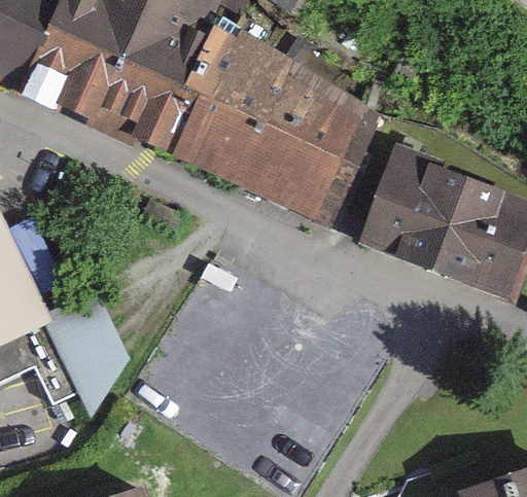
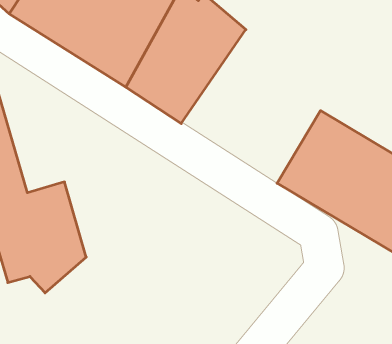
building: [234,65,375,226] -> none

